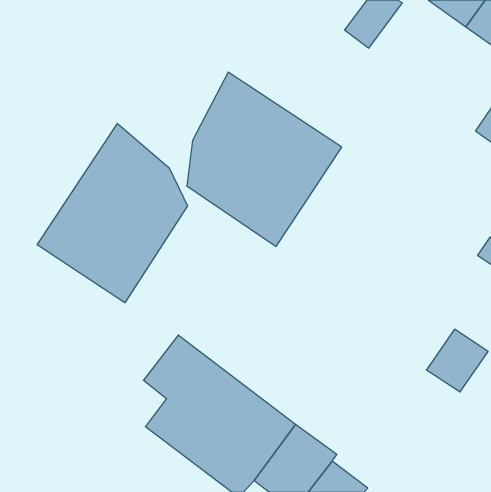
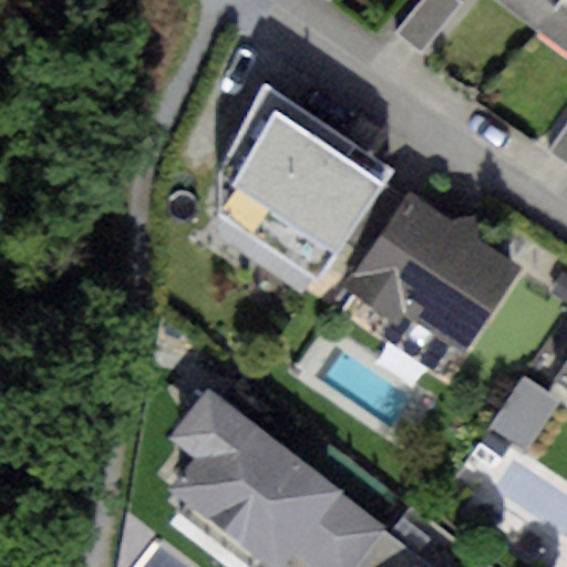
building: [37,123,188,303] -> none
building: none -> [347,193,520,372]

